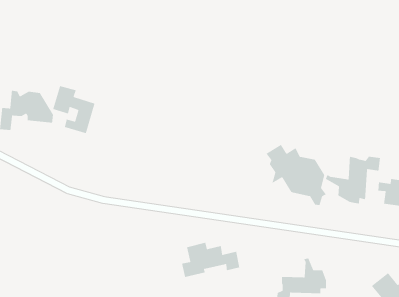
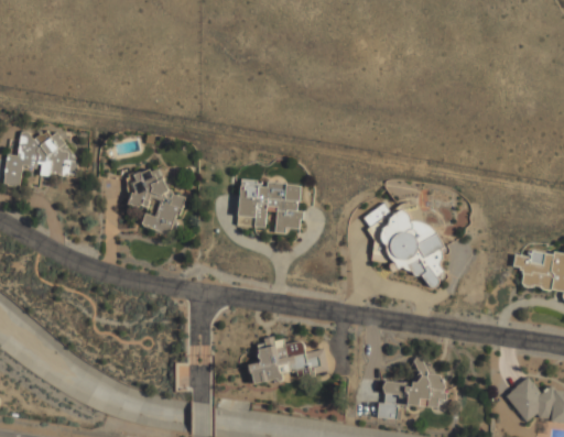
building: [52,85,96,134] -> [126,168,184,234]
building: none -> [237,179,301,232]
building: [325,156,381,205] -> none

